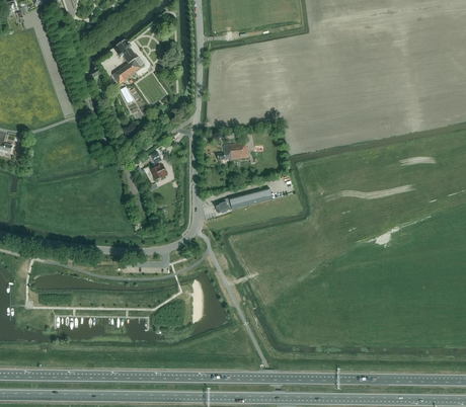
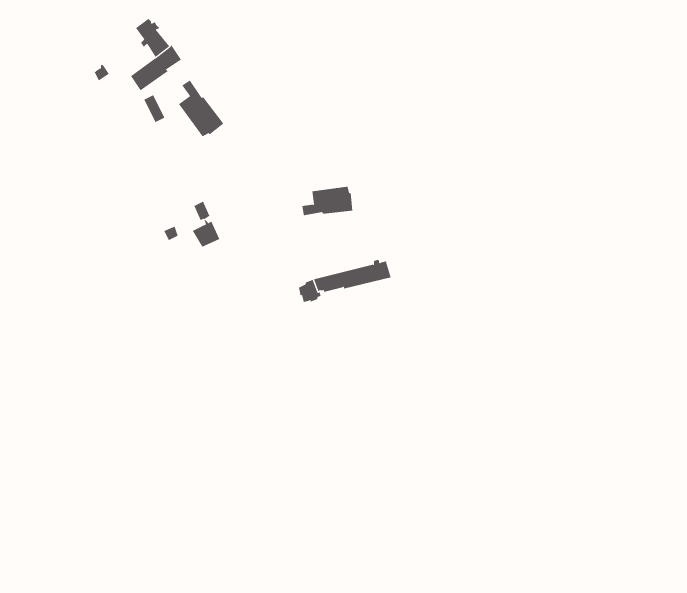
building: none -> [178,80,224,137]

